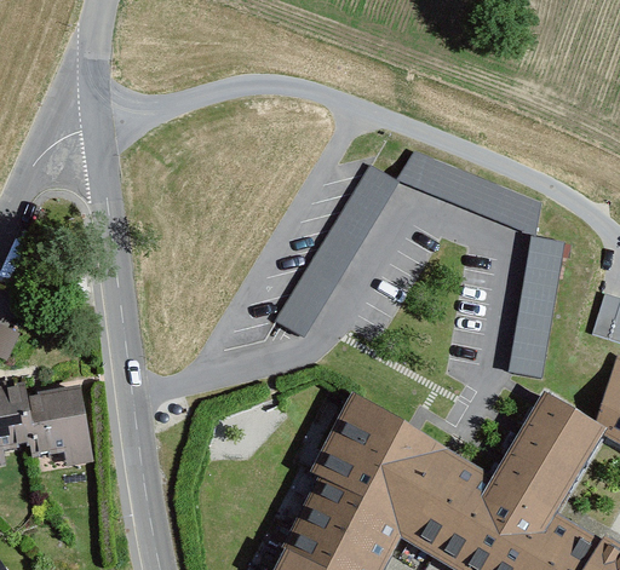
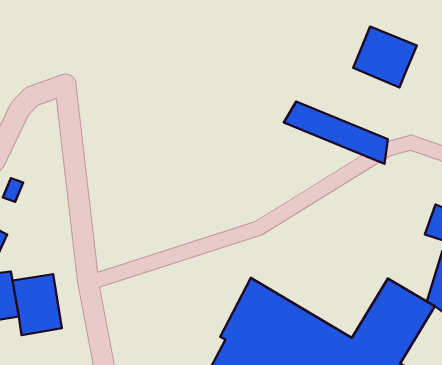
building: none -> [353,27,417,87]
building: [274,166,397,339] -> none
building: [509,238,564,379] -> none

